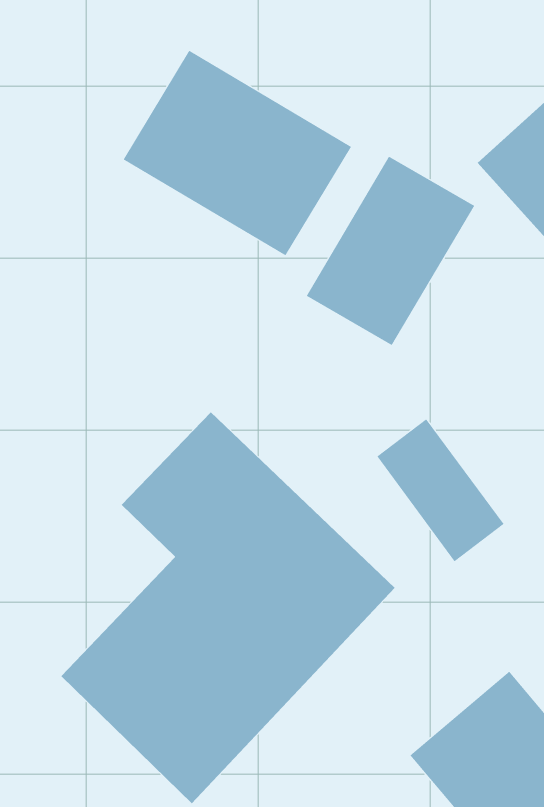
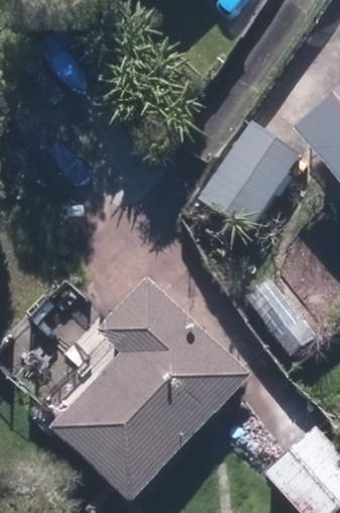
building: [123,50,352,256] -> none

